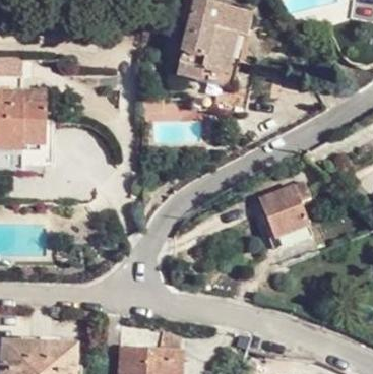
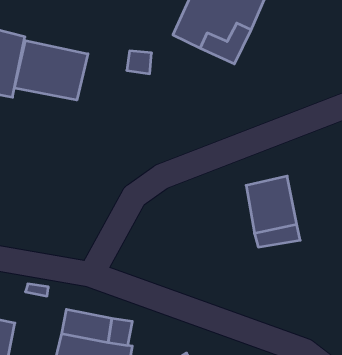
building: none -> [14,41,88,100]

